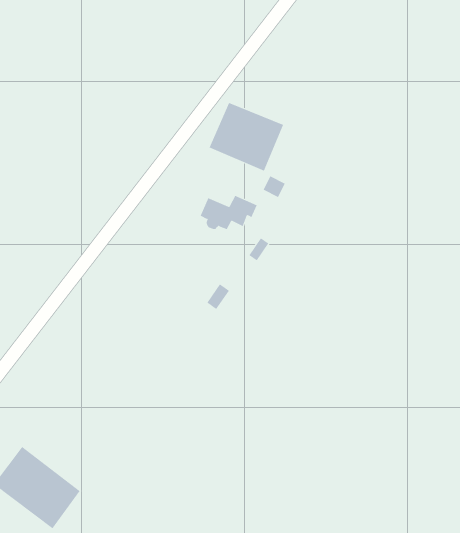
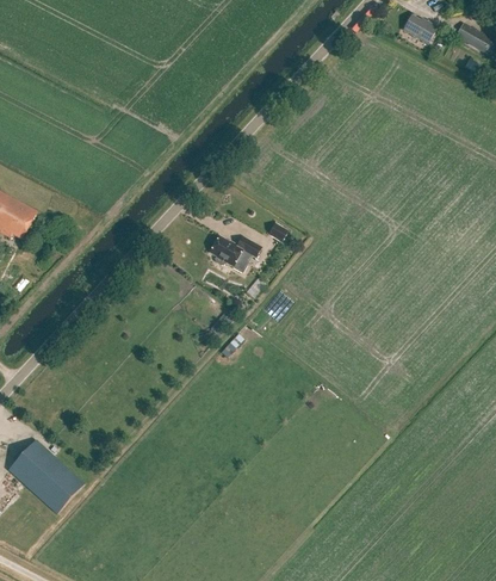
building: [209,102,284,171] -> none

